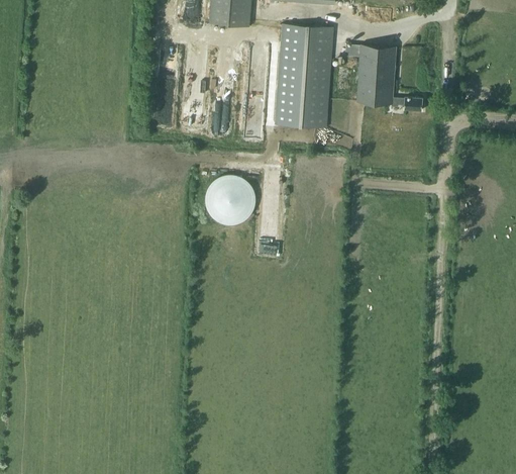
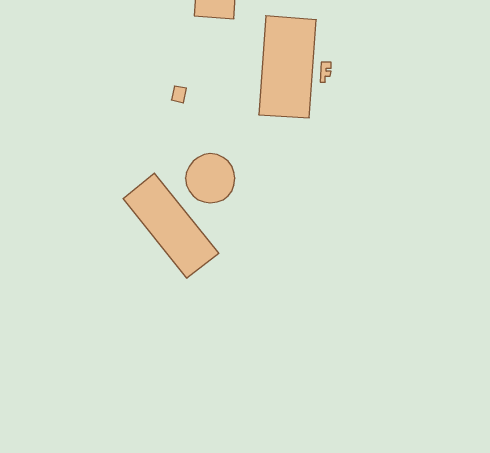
building: [345,43,423,111] -> none
building: none -> [123,173,219,278]

